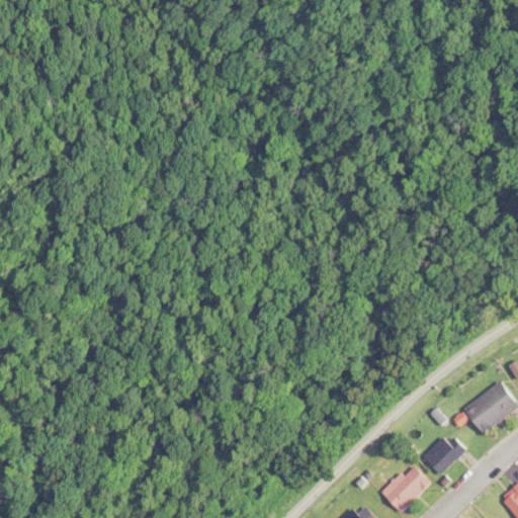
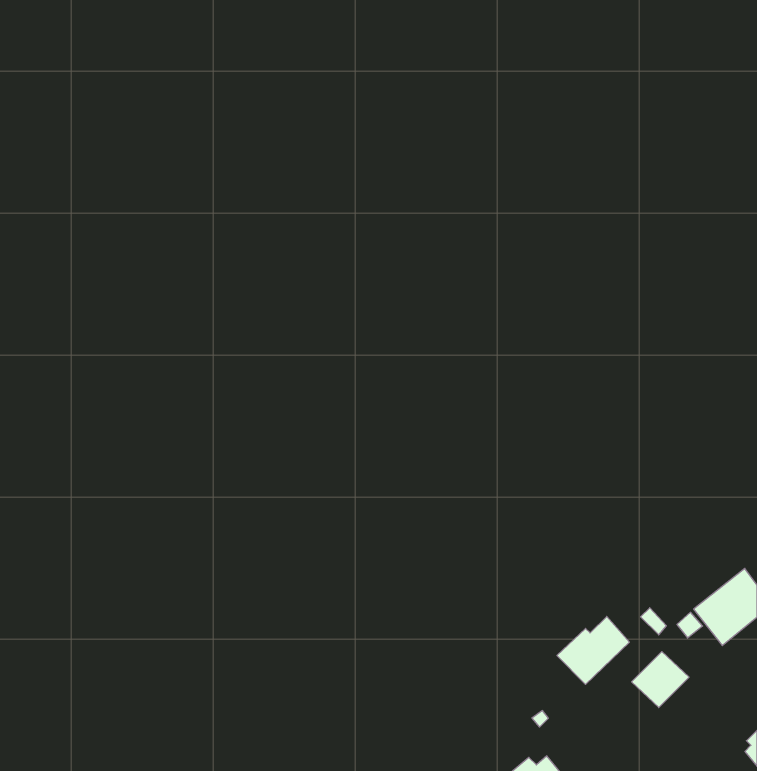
building: [382,466,431,512] -> [557,616,629,684]

